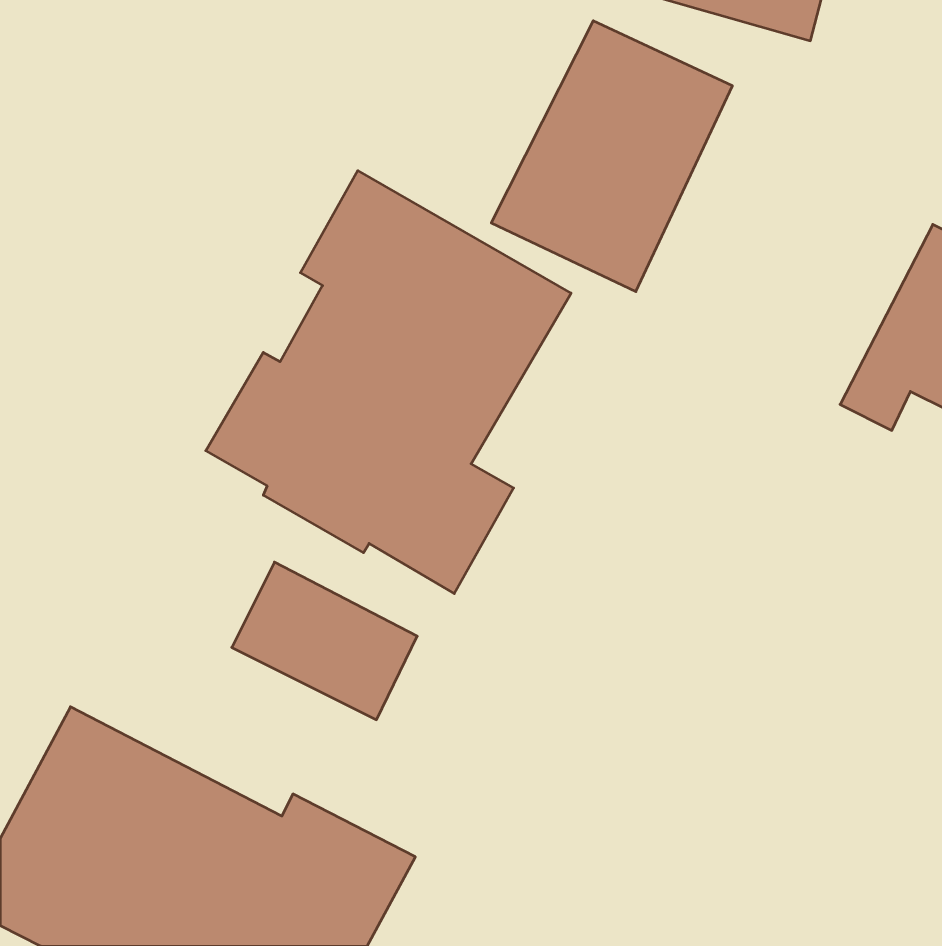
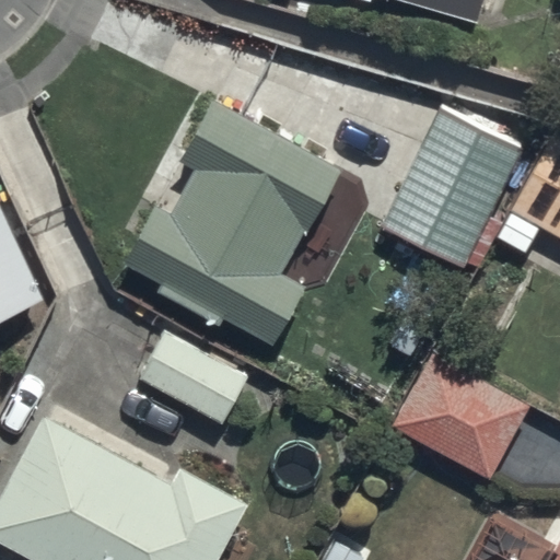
building: [491,21,732,292] -> [382,108,524,268]
building: none -> [393,352,530,480]

